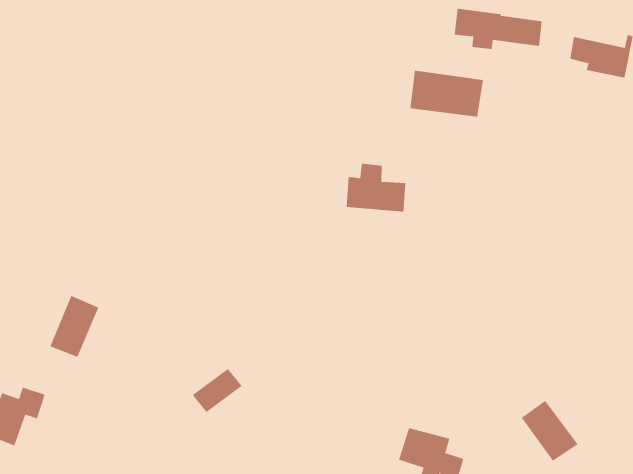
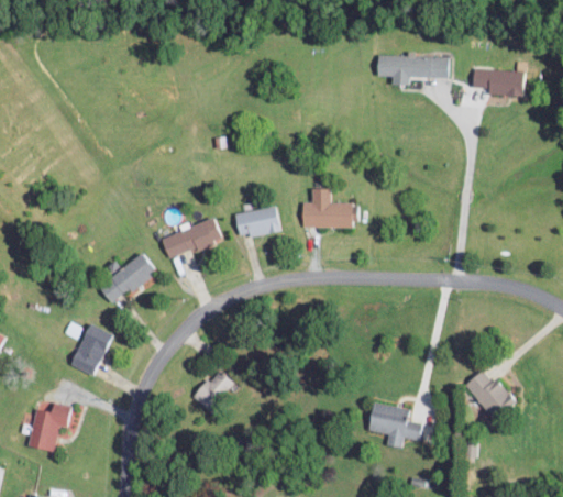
building: [410,70,484,117] -> none
building: none -> [236,208,279,236]
building: none -> [162,219,222,257]
building: none -> [100,254,156,305]

